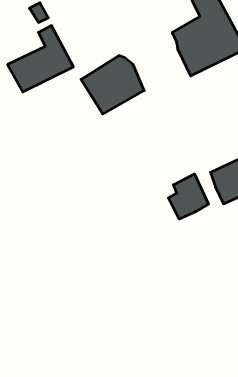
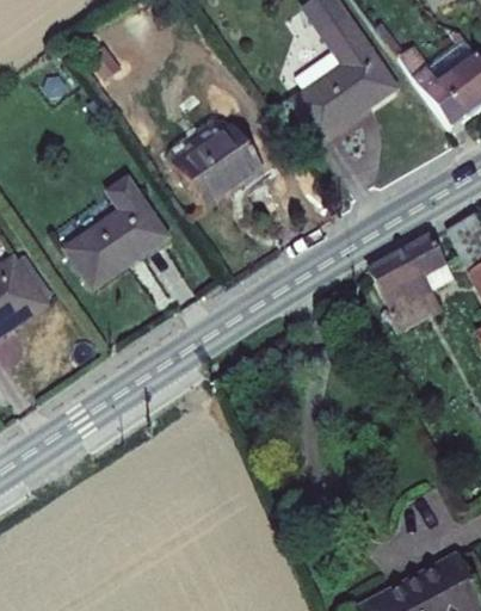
building: [8,26,73,92] -> [72,184,167,284]
building: [168,174,208,219] -> none

